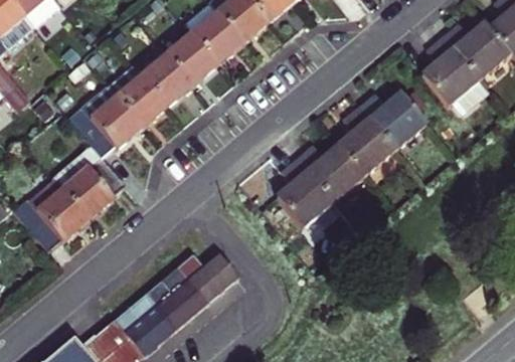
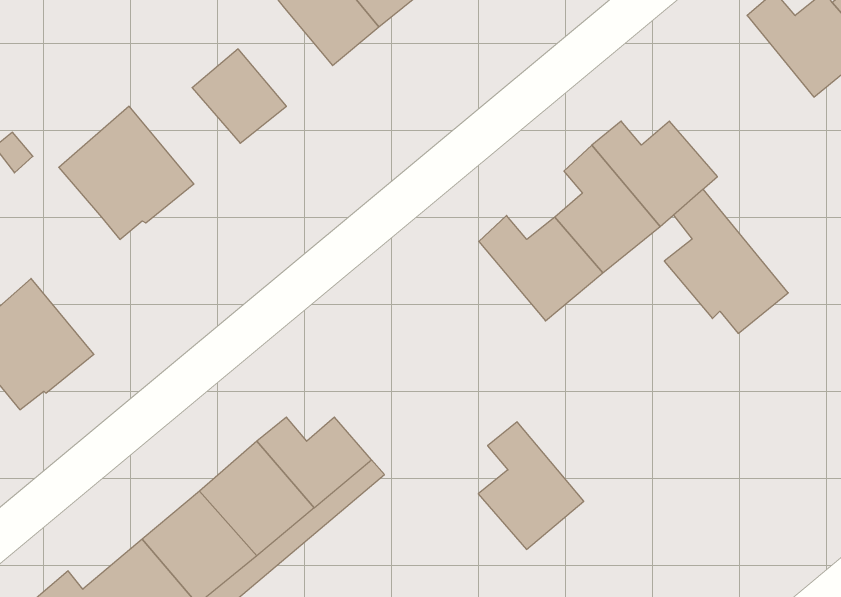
building: [166,31,217,84] -> none
building: [421,35,489,114] -> [664,189,788,333]
building: [107,63,167,127] -> none
building: [52,145,125,219] -> none
building: [276,158,333,227] -> [478,422,584,549]

